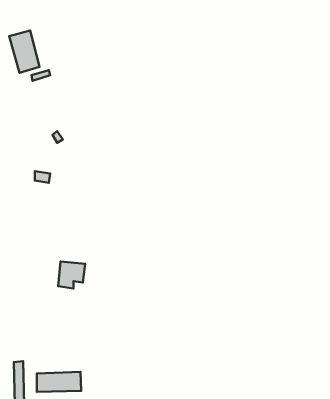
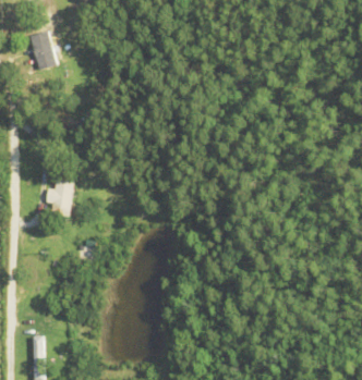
building: none -> [45,179,73,217]
building: [37,372,81,392] -> none

